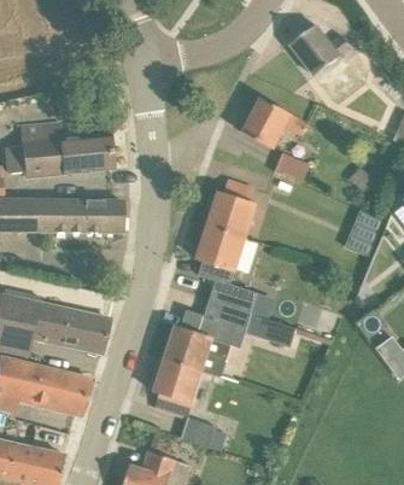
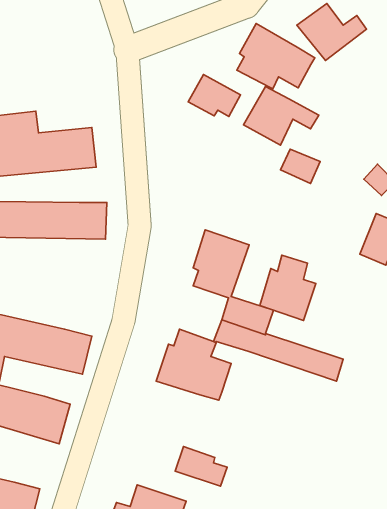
building: none -> [237,24,315,89]
building: none -> [188,74,240,117]
building: [207,180,257,238] -> [260,255,316,320]
building: [153,358,203,417] -> none

